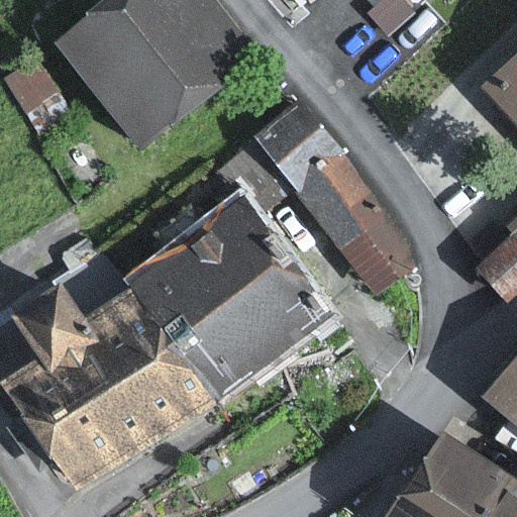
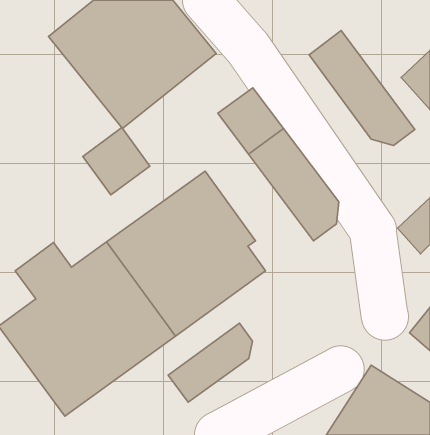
building: none -> [309,31,415,145]
building: none -> [83,128,150,195]
building: none -> [168,323,253,402]

